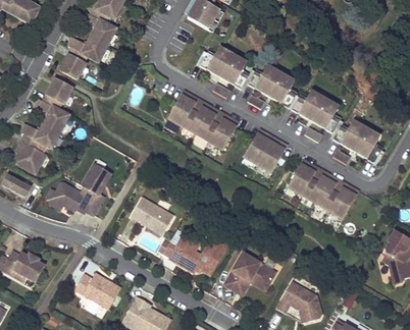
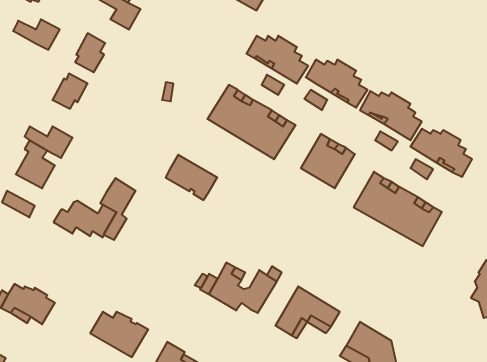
building: [67,36,105,60] -> [13,19,60,50]
building: [34,98,68,131] -> none
building: [131,197,172,233] -> [166,155,217,200]

